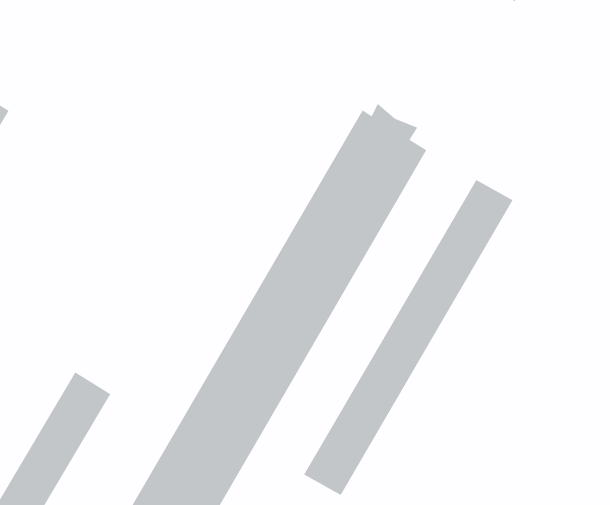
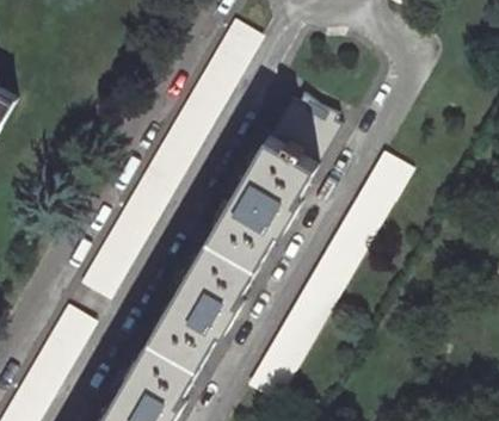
building: none -> [80,20,263,299]

